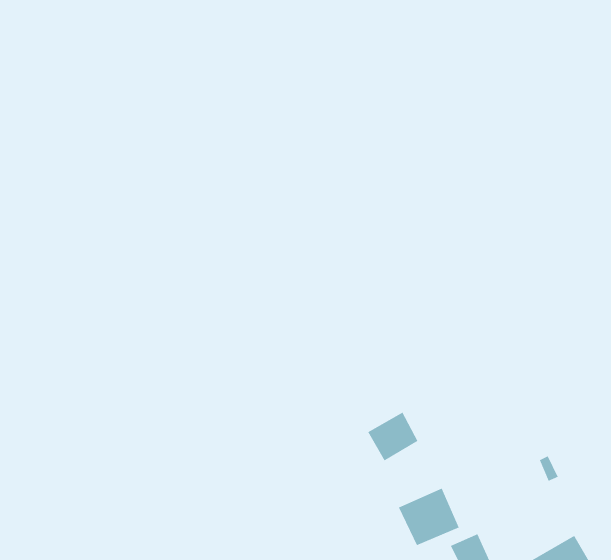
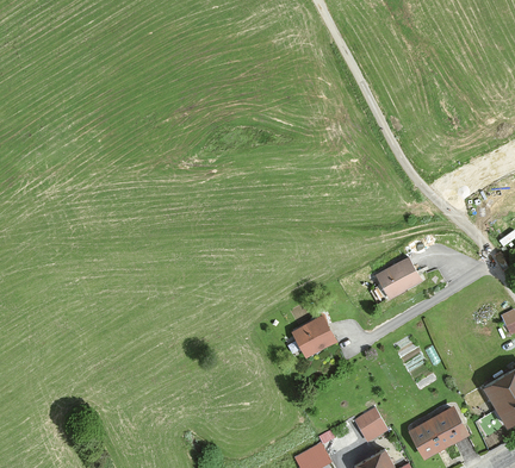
building: none -> [376,257,420,298]
building: [398,487,460,546] -> none

